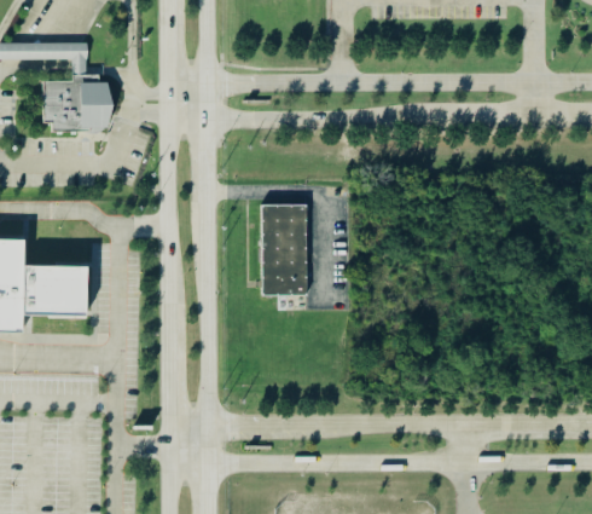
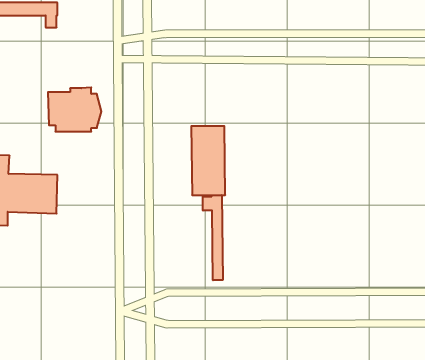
building: [41,73,111,131] -> [48,87,101,132]
building: none -> [203,195,223,280]

